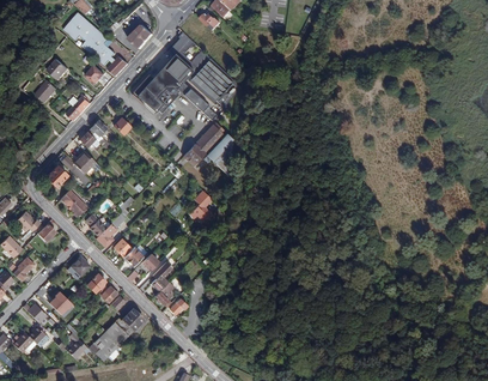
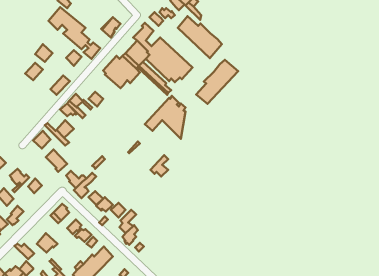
building: none -> [178,16,222,58]
building: none -> [196,60,238,104]

